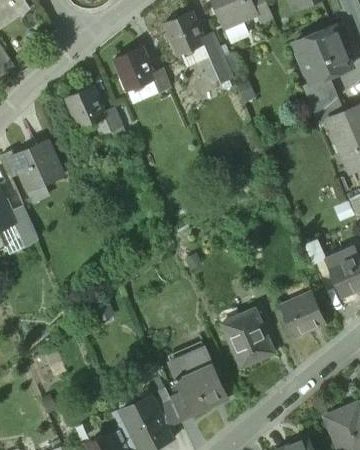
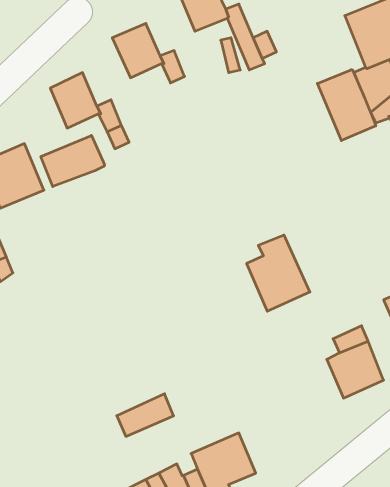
building: none -> [317,70,376,141]
building: none -> [41,135,104,187]
building: [225,309,274,368] -> [247,235,310,311]
building: [168,347,212,380] -> [117,394,174,436]

